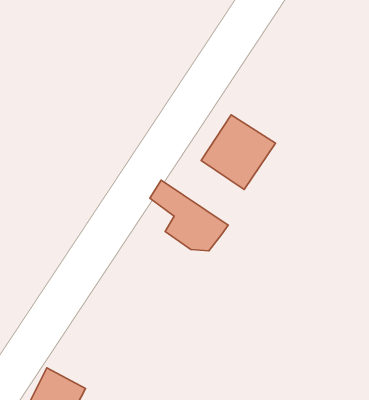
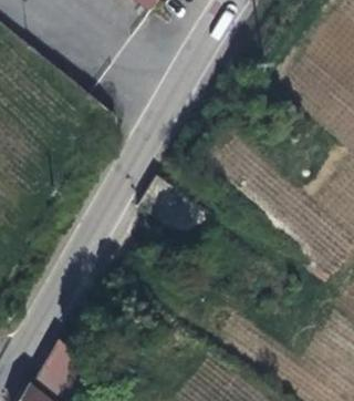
building: [201,115,275,190] -> none

